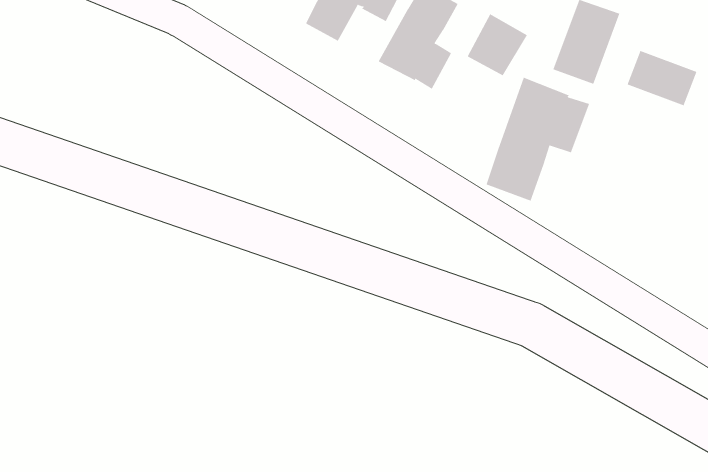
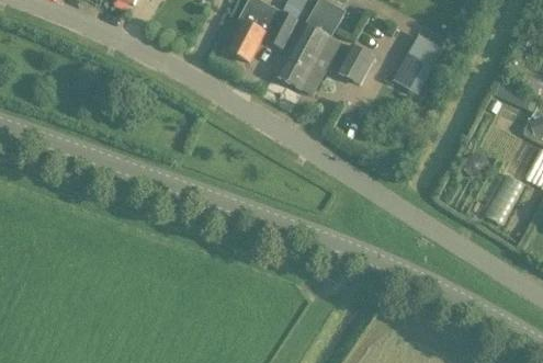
building: [627,50,697,106] -> none
building: [486,77,590,202] -> none

